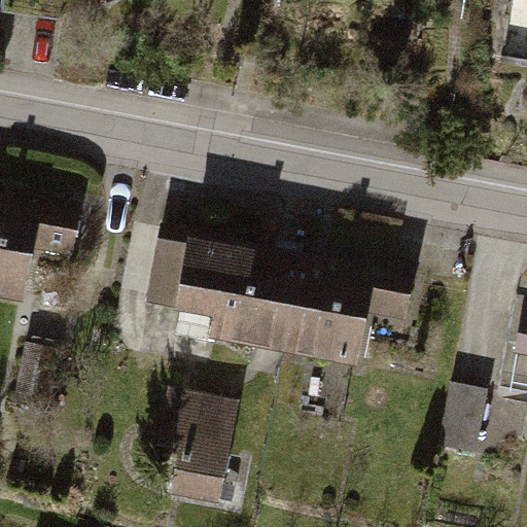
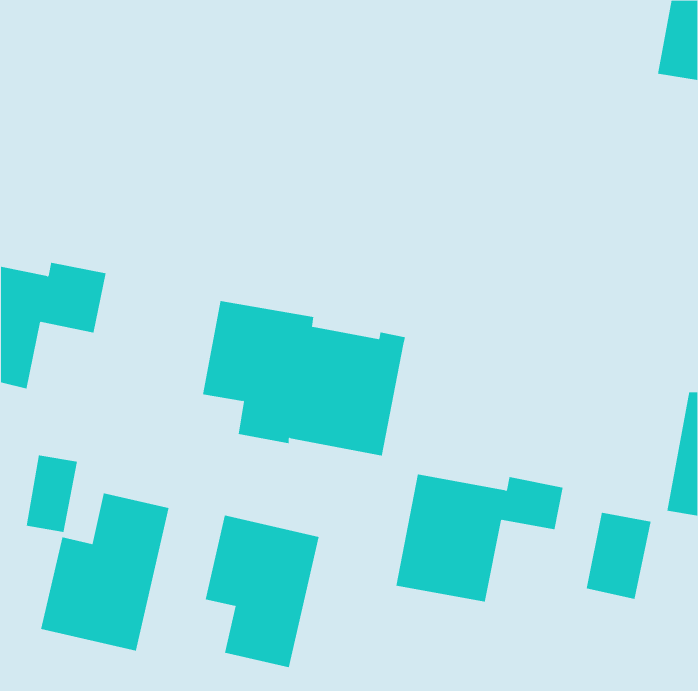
building: [288,265,415,361] -> [395,474,563,602]
building: none -> [40,492,169,651]

